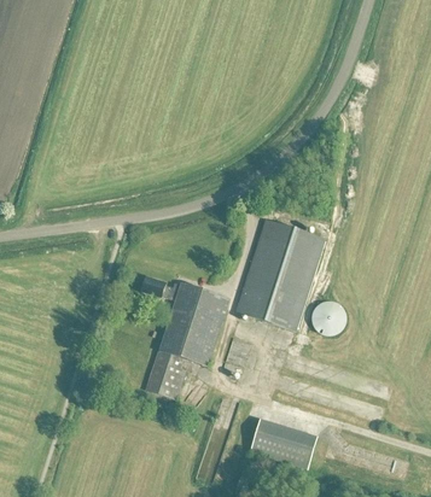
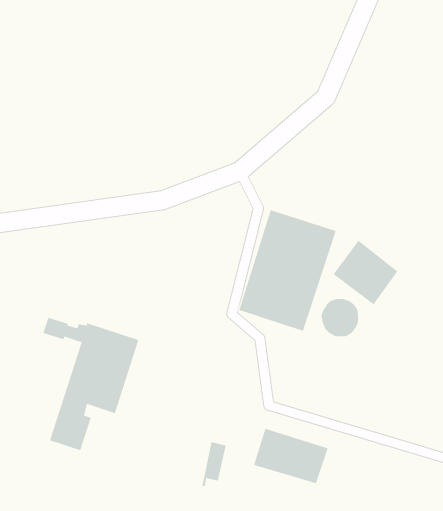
building: none -> [333,240,398,305]
building: [140,277,228,399] -> [43,317,139,451]

